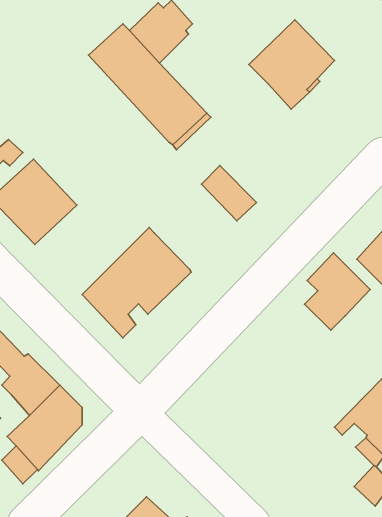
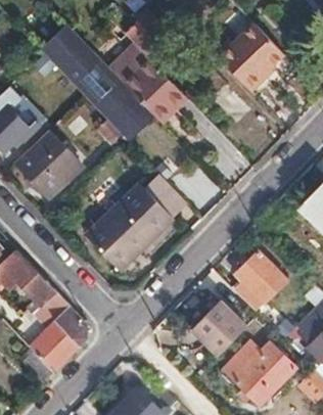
building: none -> [40,24,154,141]
building: [201,166,257,221] -> [143,174,186,217]
building: [305,253,370,330] -> [235,251,286,312]
building: none -> [190,299,246,356]
building: none -> [221,340,294,404]

